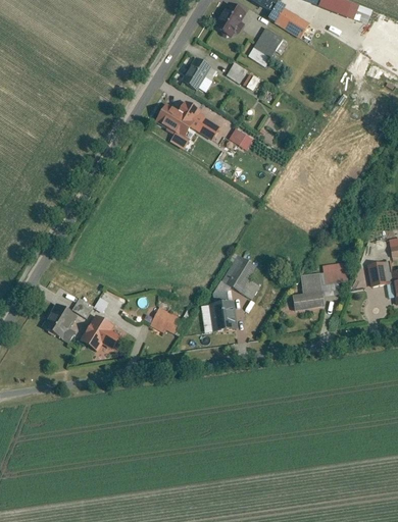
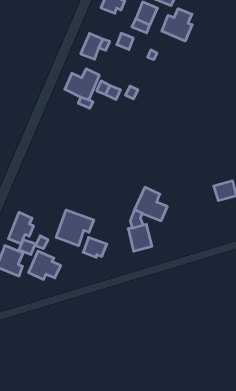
building: none -> [162,9,192,41]
building: none -> [8,212,33,244]
building: none -> [56,210,94,246]
building: [293,271,326,309] -> none

